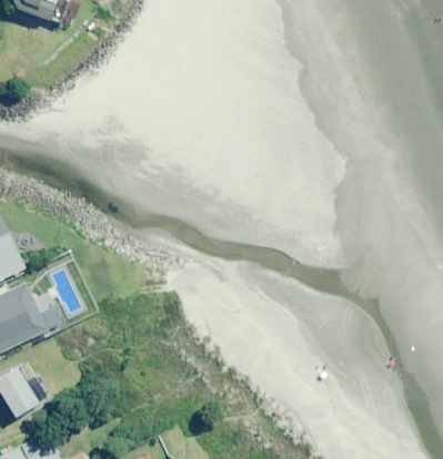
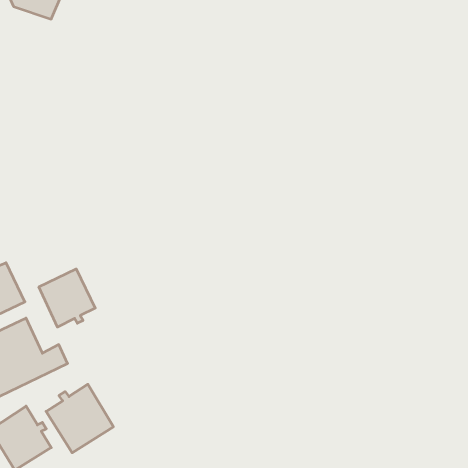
building: none -> [39,269,95,327]
building: none -> [46,384,113,453]

